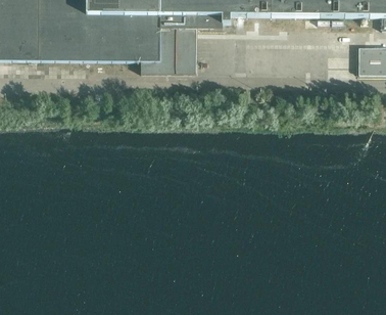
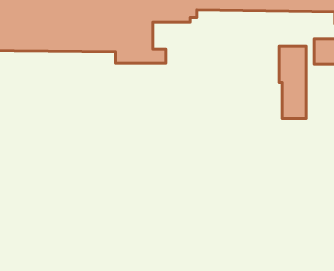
building: none -> [279,46,306,119]

